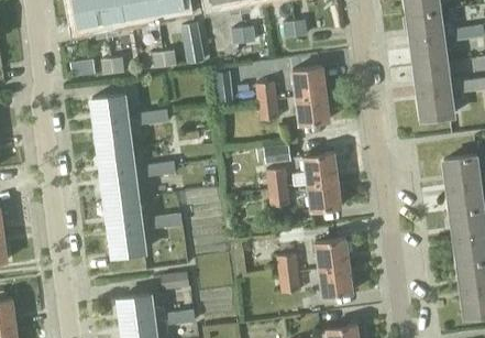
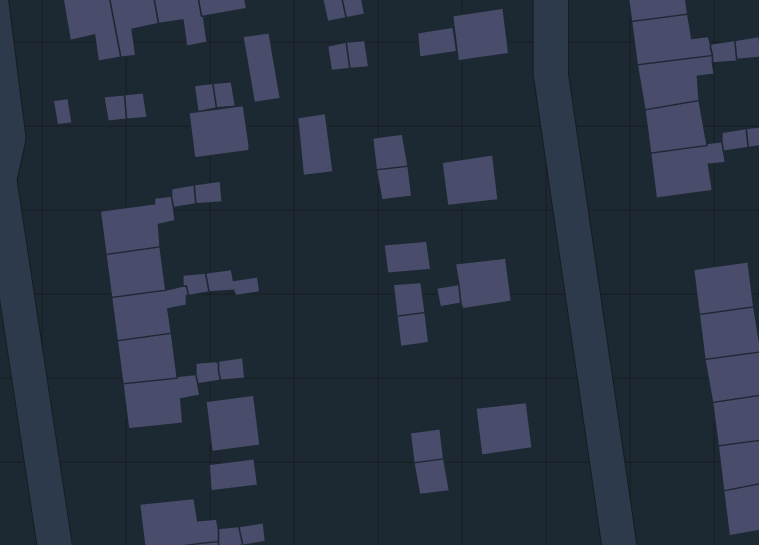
building: [294,67,327,98] -> [453,8,509,61]
building: [93,96,129,127] -> [189,105,249,158]
building: [309,179,342,209] -> none
building: none -> [206,395,260,452]
building: [320,265,353,296] -> none

